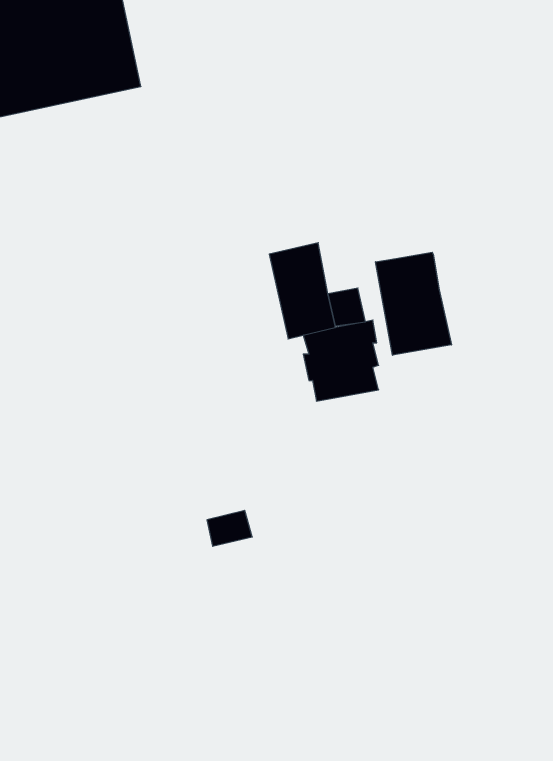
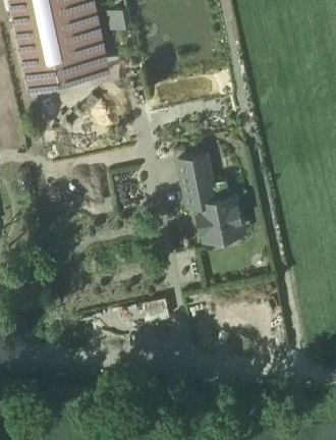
building: [376,252,451,355] -> none

